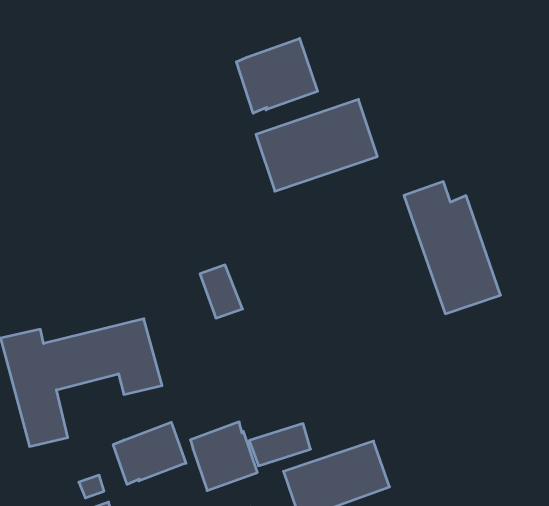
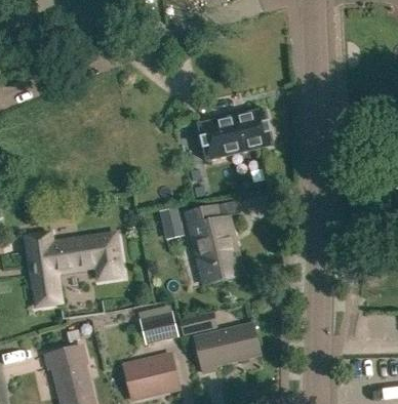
building: [236,38,318,113] -> none
building: [404,182,501,314] -> [187,202,241,285]
building: [113,422,186,484] -> none

